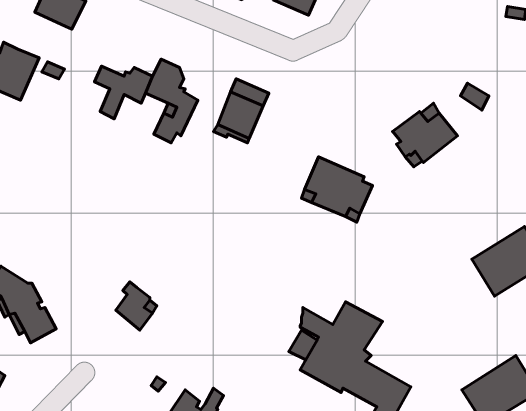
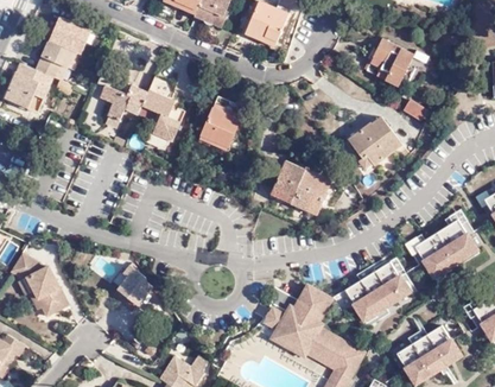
building: none -> [368,39,414,87]
building: none -> [33,40,74,80]
building: none -> [338,261,418,321]

